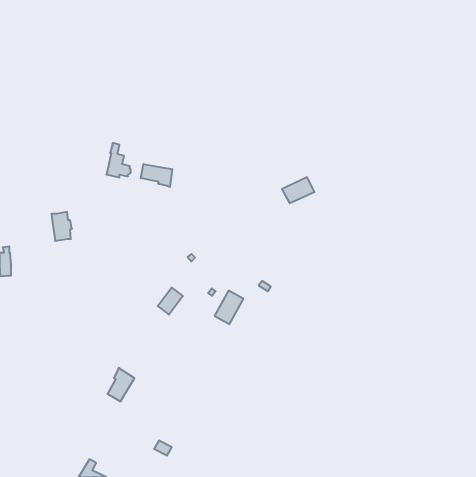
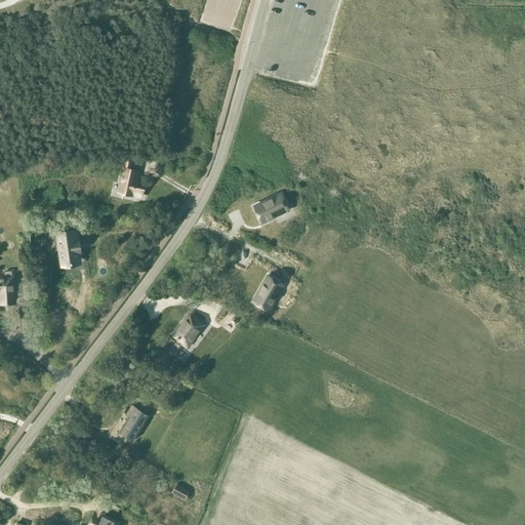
building: [141,164,172,187] -> none
building: [282,177,315,203] -> [252,194,288,223]
building: [215,291,243,324] -> [251,274,283,311]

